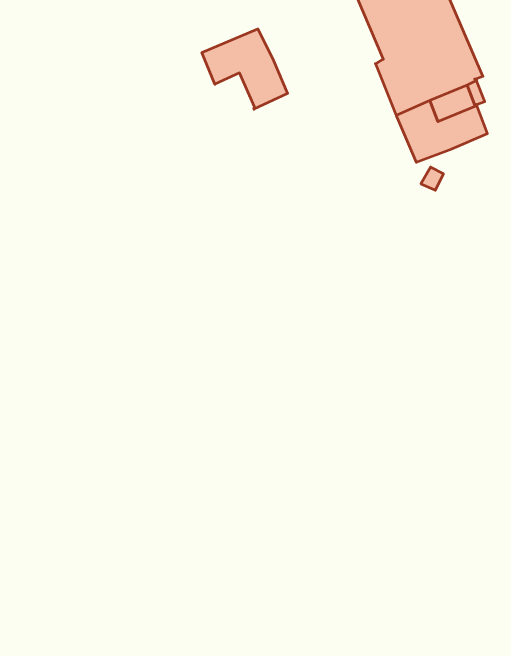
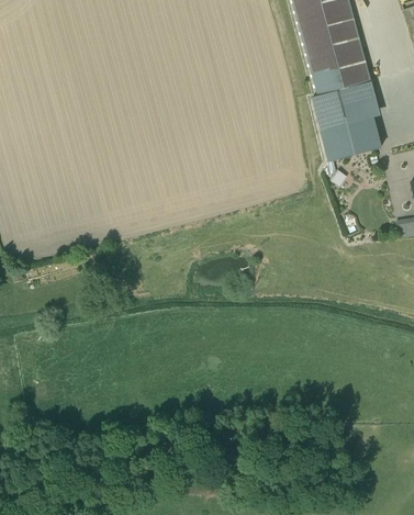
building: [202,29,288,109] -> none

